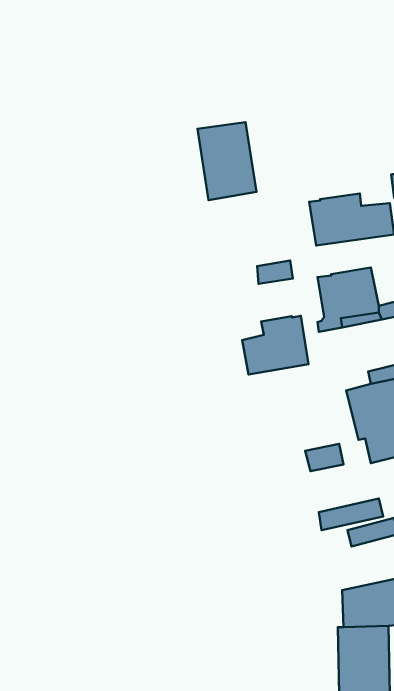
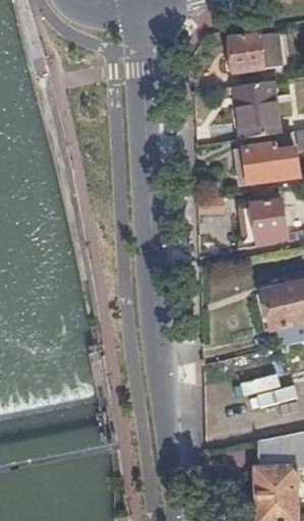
building: none -> [229,33,280,73]
building: [198,122,256,200] -> [232,79,276,137]
building: [242,316,309,375] -> none

